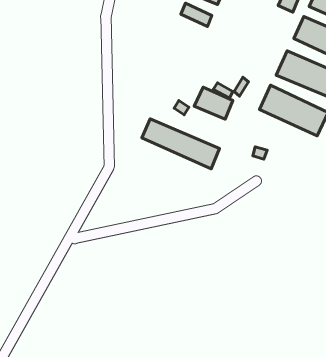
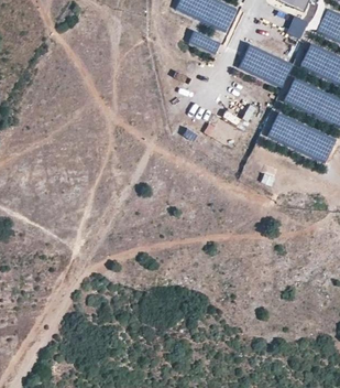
building: none -> [237,44,293,87]
building: [142,119,220,169] -> none

